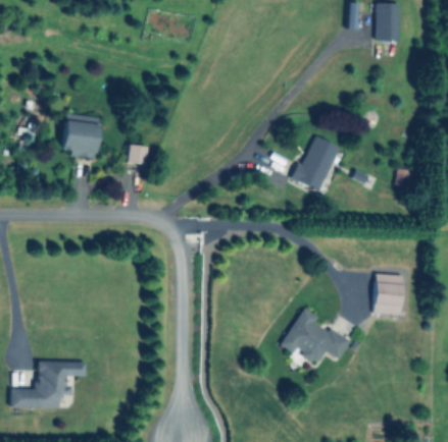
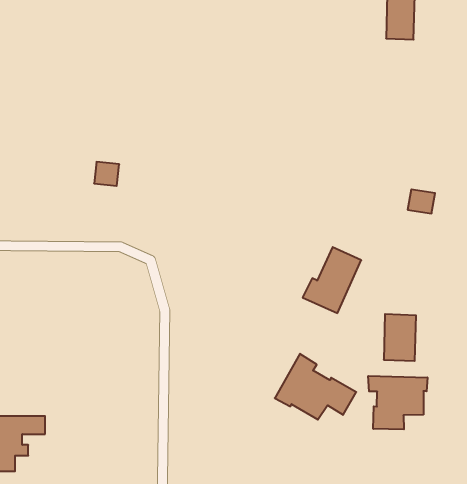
building: [61,120,100,158] -> none
building: [290,135,340,191] -> [303,247,361,313]
building: none -> [368,376,427,429]

